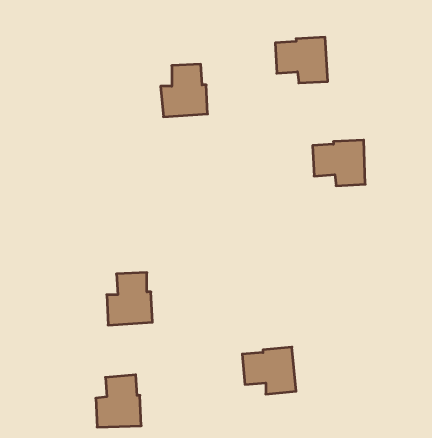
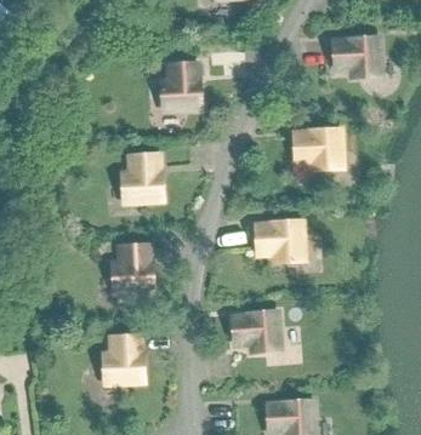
building: [275,37,328,83] -> [332,36,379,76]
building: none -> [121,154,163,200]
building: none -> [256,221,302,261]

